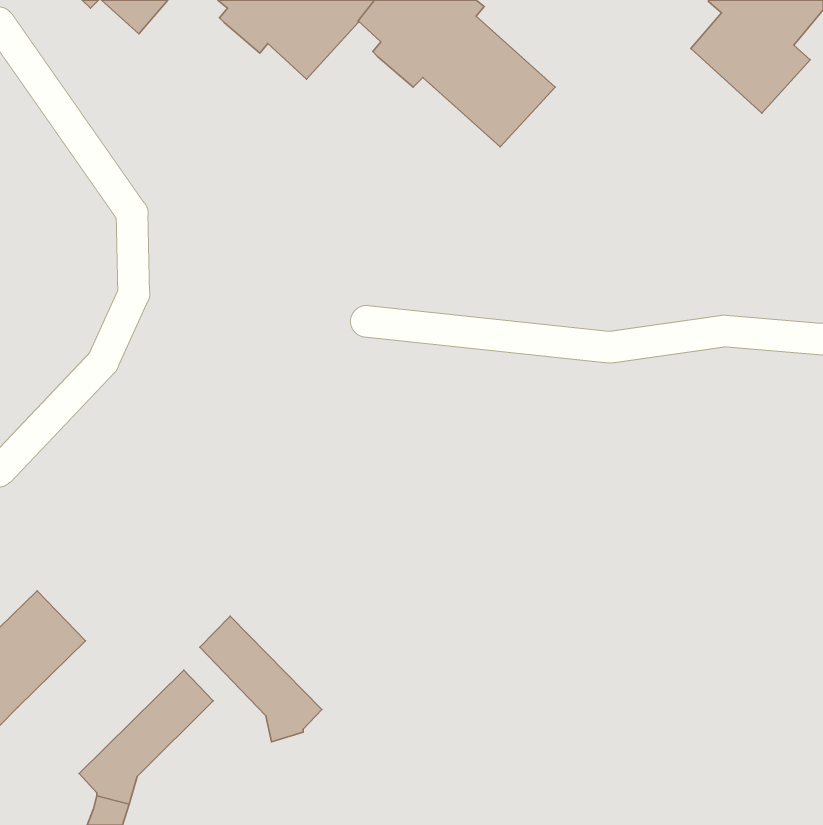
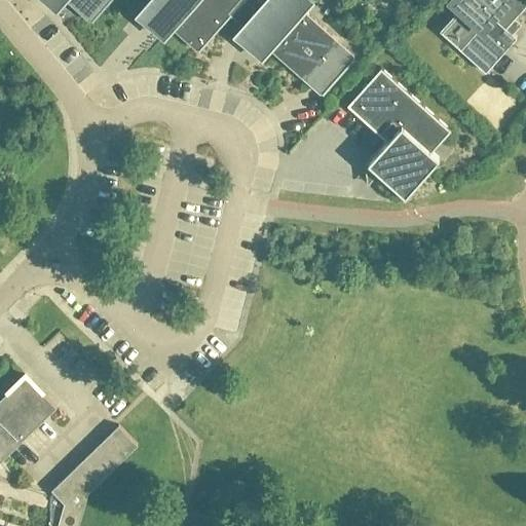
building: none -> [346,68,451,197]
building: [200,616,322,742] -> none

